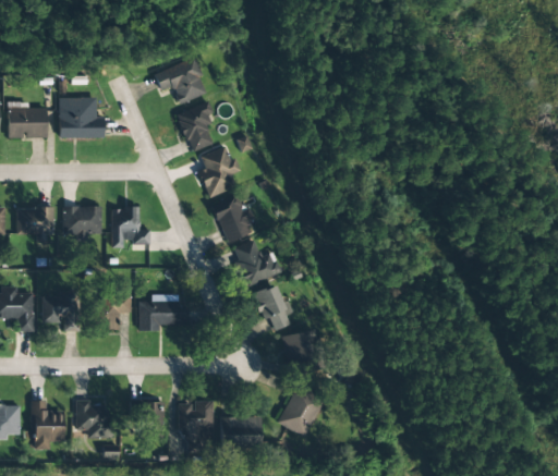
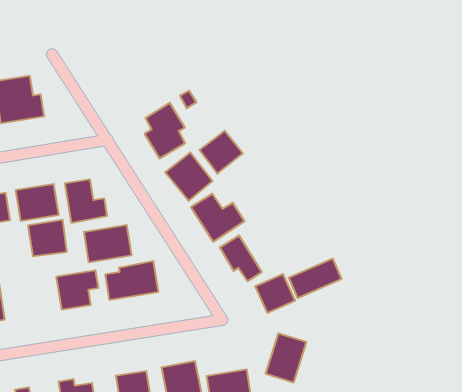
building: [154,58,208,103] -> none
building: [175,101,215,152] -> none
building: none -> [200,131,243,174]
building: none -> [84,225,131,262]
building: [43,292,77,324] -> [28,220,67,256]
building: none -> [289,259,341,298]

